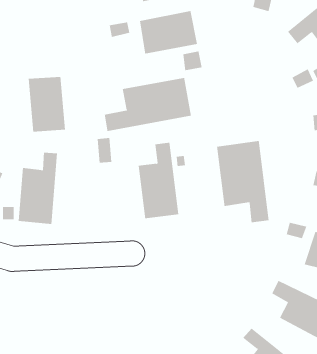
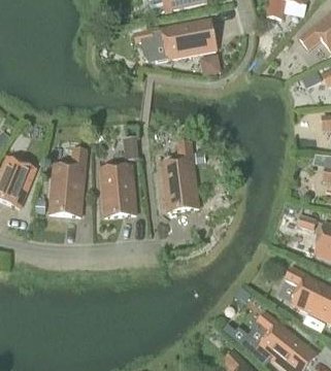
building: [28,76,66,132] -> [101,164,136,215]
building: [104,77,192,132] -> none
building: [216,140,269,223] -> none

